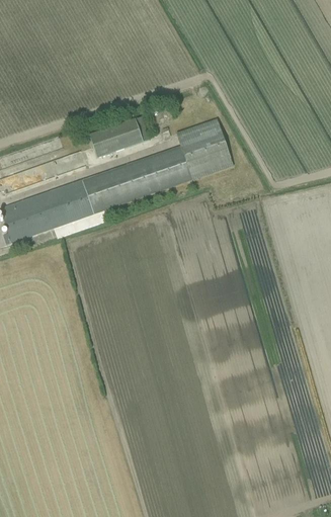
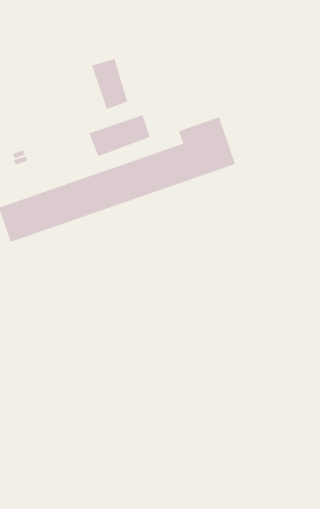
building: none -> [91,58,128,110]

